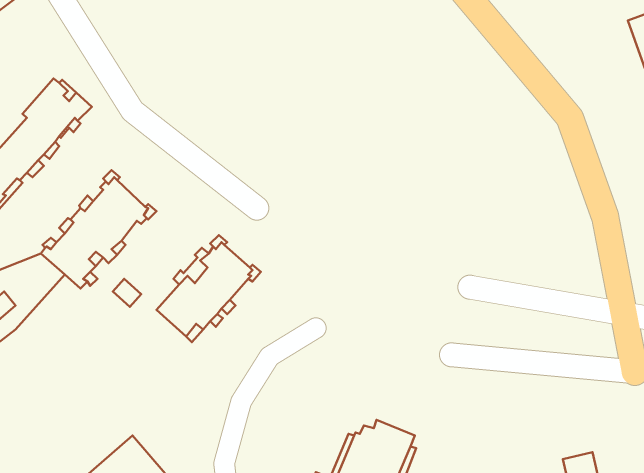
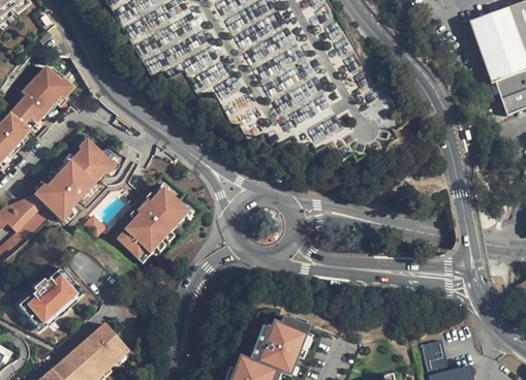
building: none -> [19,266,80,324]

